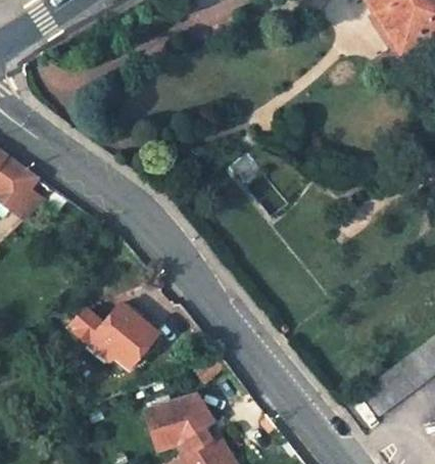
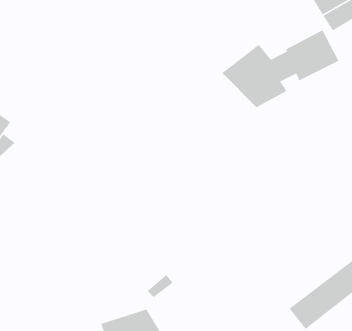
building: none -> [222,29,339,108]
building: [72,305,155,368] -> none

